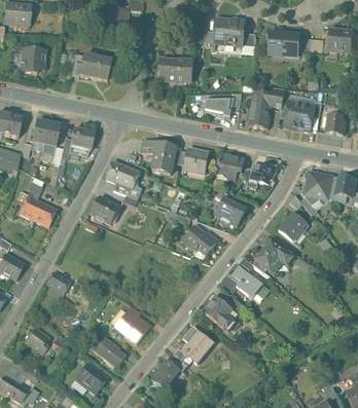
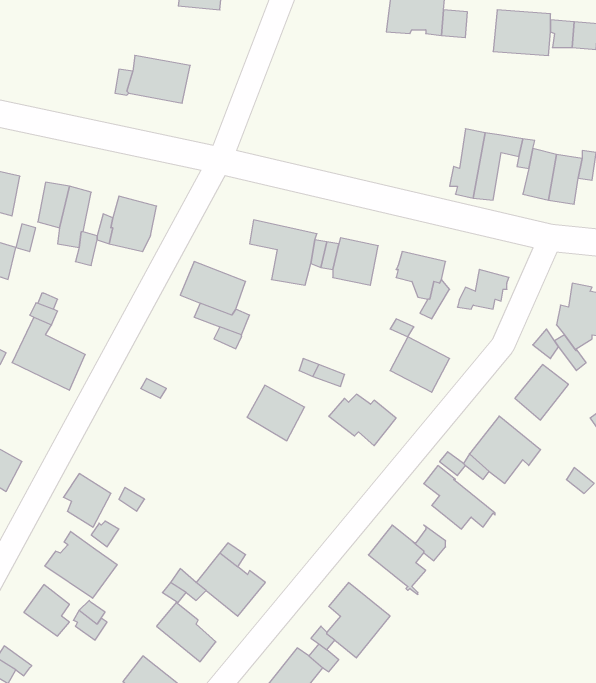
building: [20,46,46,71] -> none
building: [159,55,193,78] -> none
building: [199,92,243,116] -> none
building: [91,194,120,223] -> [247,385,305,441]
building: none -> [45,531,117,598]

